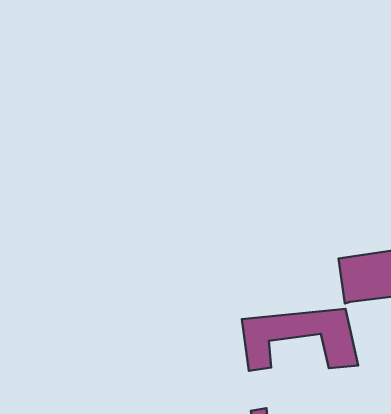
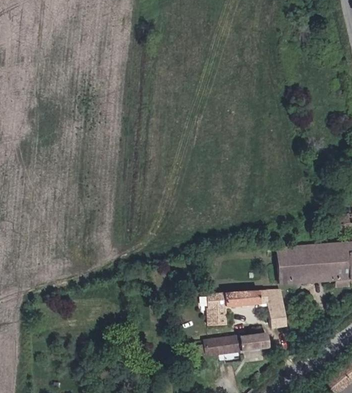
building: none -> [207,335,267,351]

